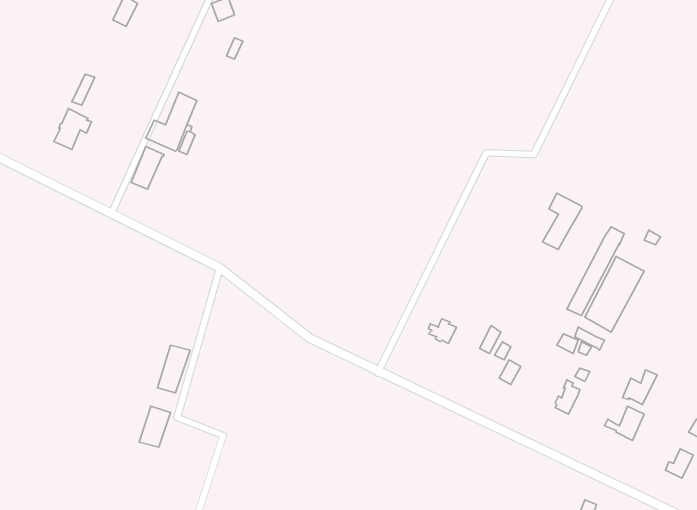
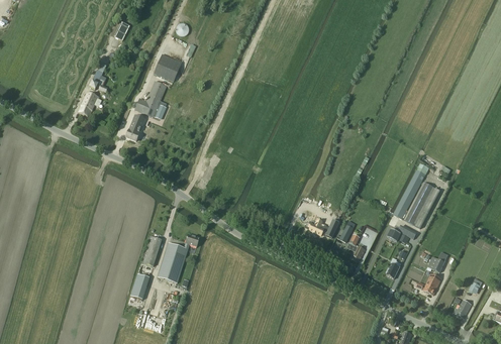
building: none -> [153,53,181,81]
building: [543,193,582,250] -> none
building: none -> [158,234,199,282]

